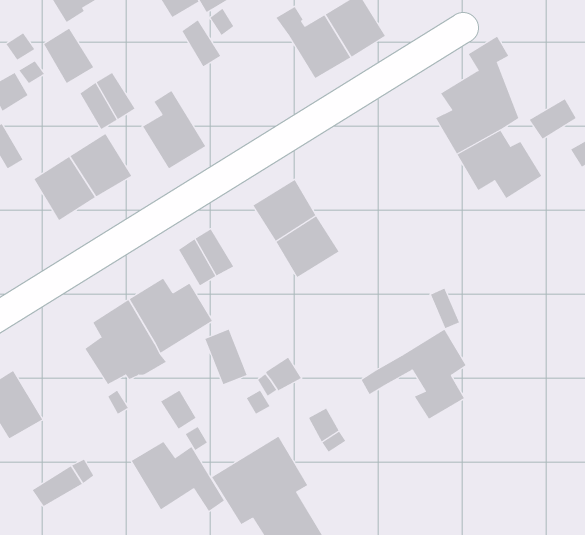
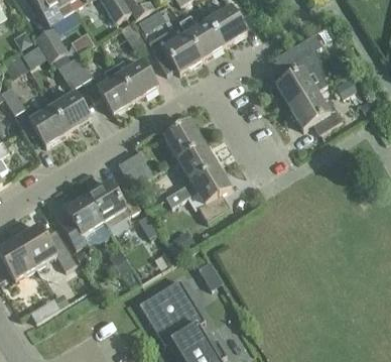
building: none -> [147,30,202,74]
building: none -> [114,61,157,100]
building: [361,329,466,419] -> [165,164,230,220]
building: [131,441,225,512] -> [17,225,75,268]

